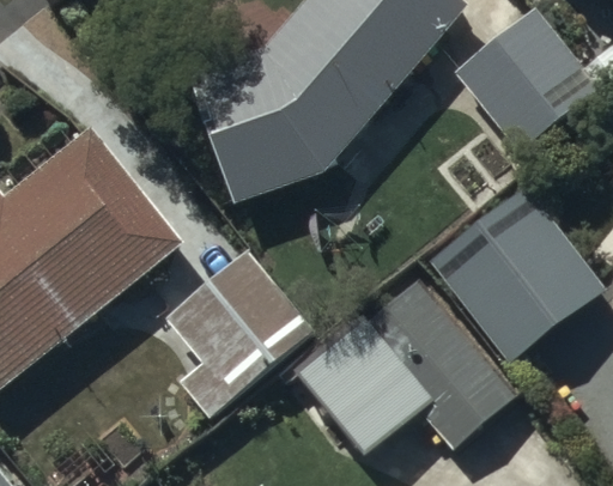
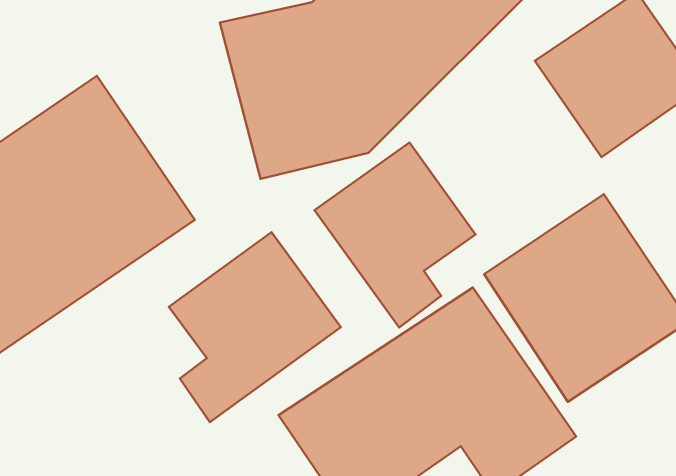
building: none -> [315,142,475,327]

